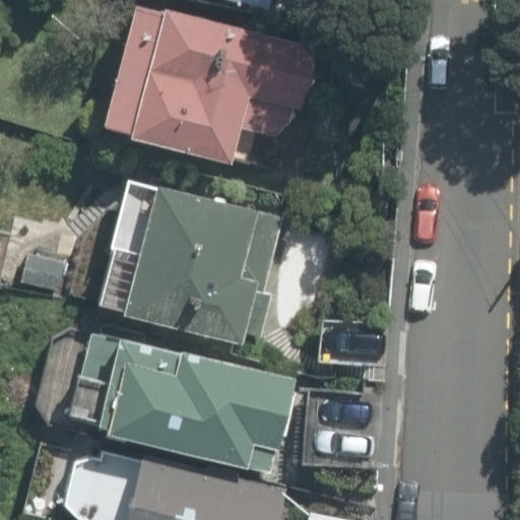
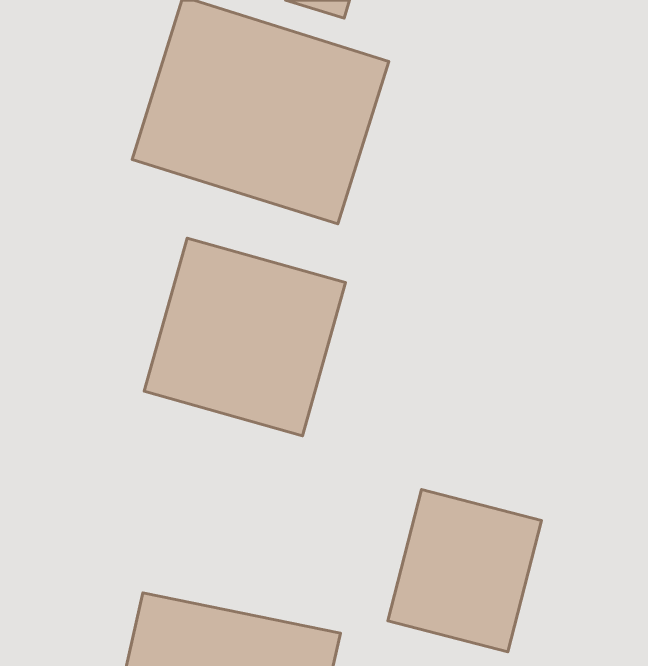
building: [77,329,285,470] -> none
building: none -> [388,490,542,652]

